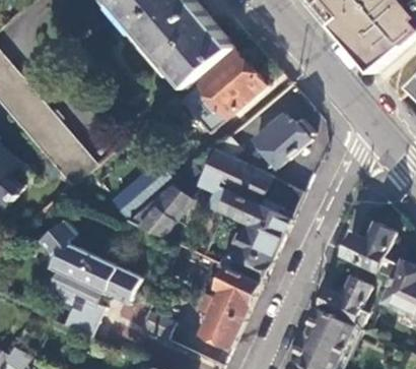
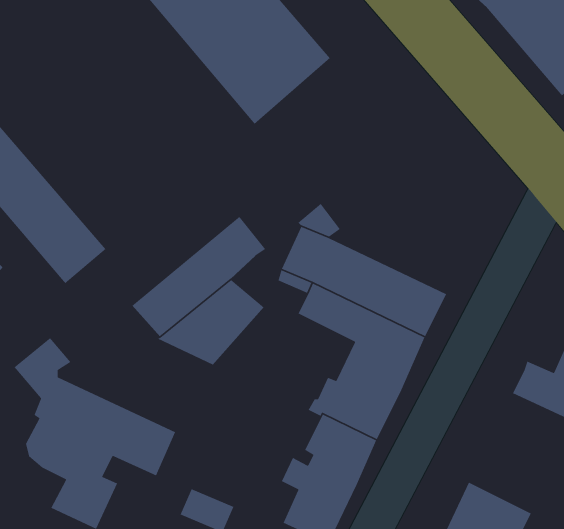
building: [179,53,264,135] -> none
building: [252,114,313,168] -> none
building: [317,276,370,328] -> none

